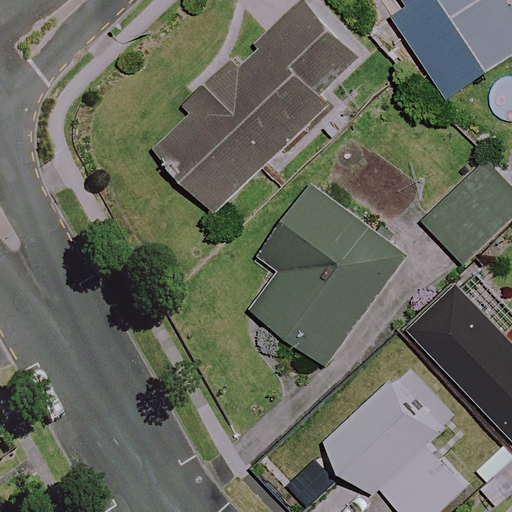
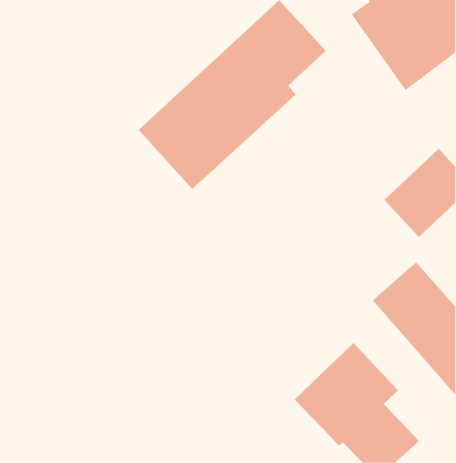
building: [254,189,407,364] -> none

